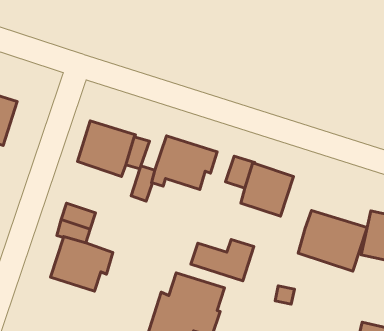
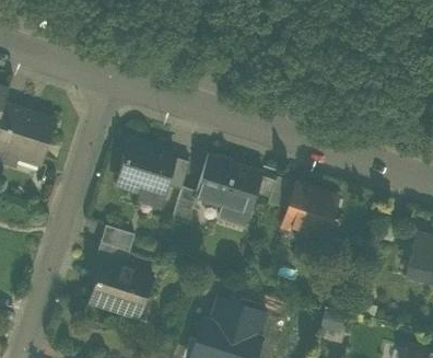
building: [298,210,367,271] -> none
building: [191,239,254,281] -> none

